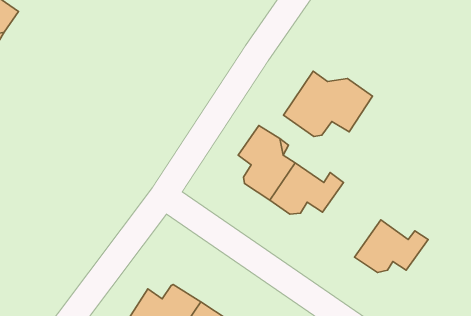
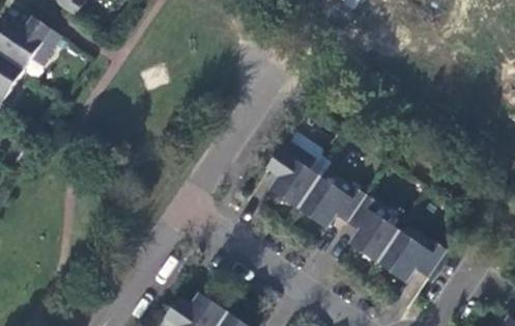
building: [283,71,372,137] -> none
building: none -> [346,196,401,267]

